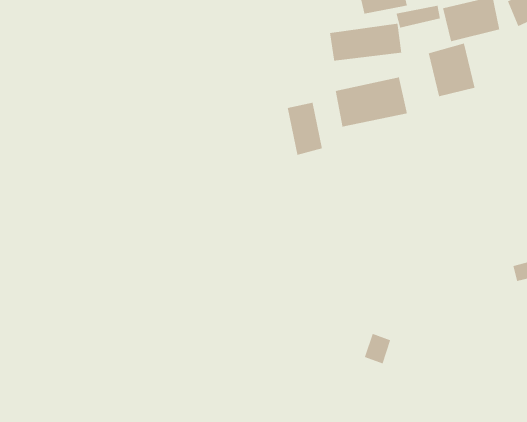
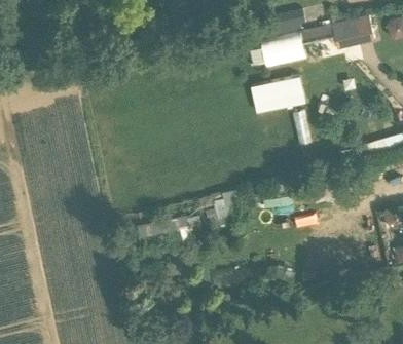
building: [428,43,475,97] -> none
building: [287,102,323,156] -> none

